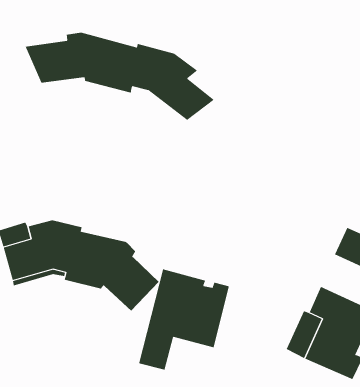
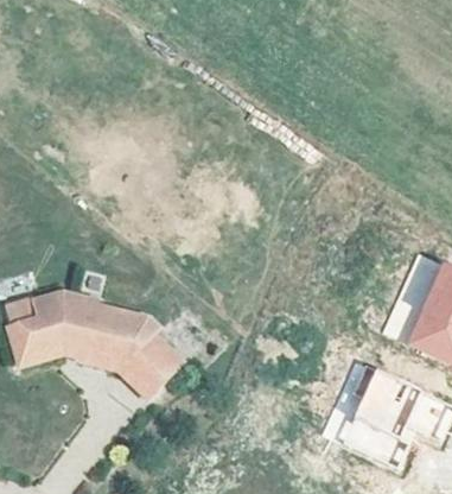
building: [25,32,215,121] -> none
building: [138,269,230,370] -> none

